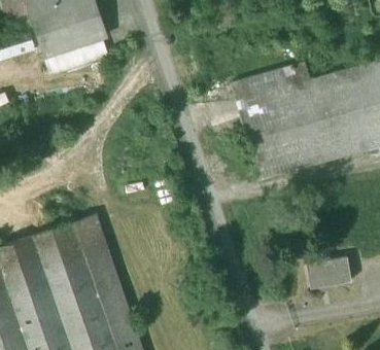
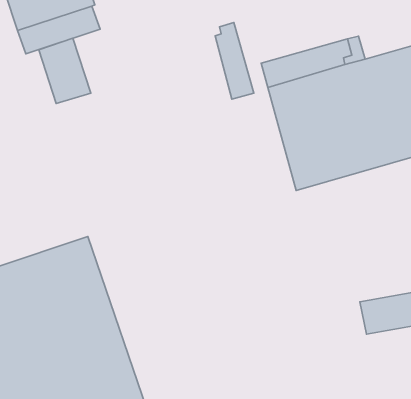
building: none -> [215,22,254,99]
building: none -> [39,38,91,103]

